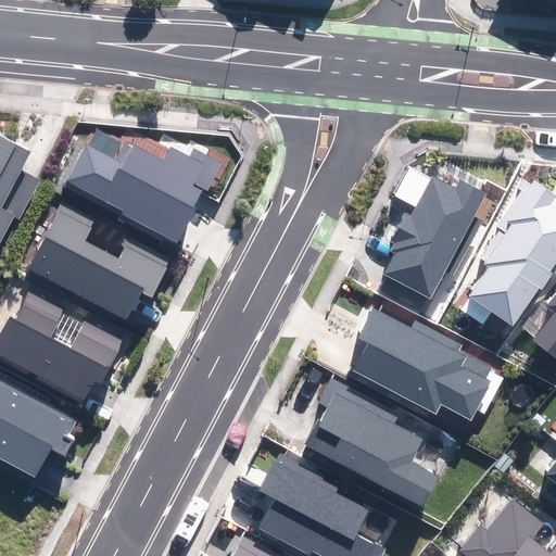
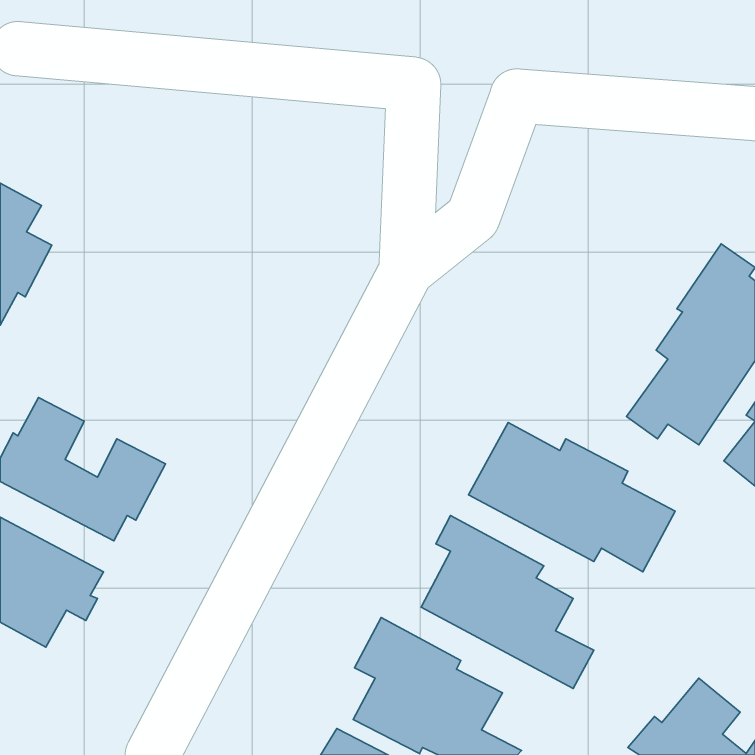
building: [65,146,220,243] -> none
building: [382,178,486,299] -> none
building: [27,202,170,320] -> none

